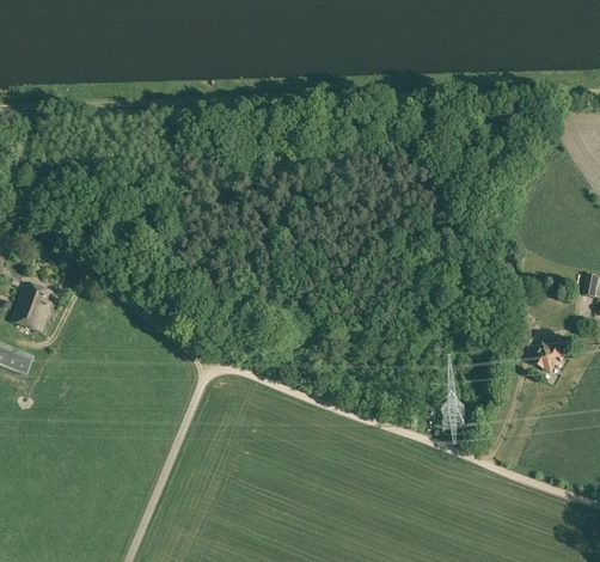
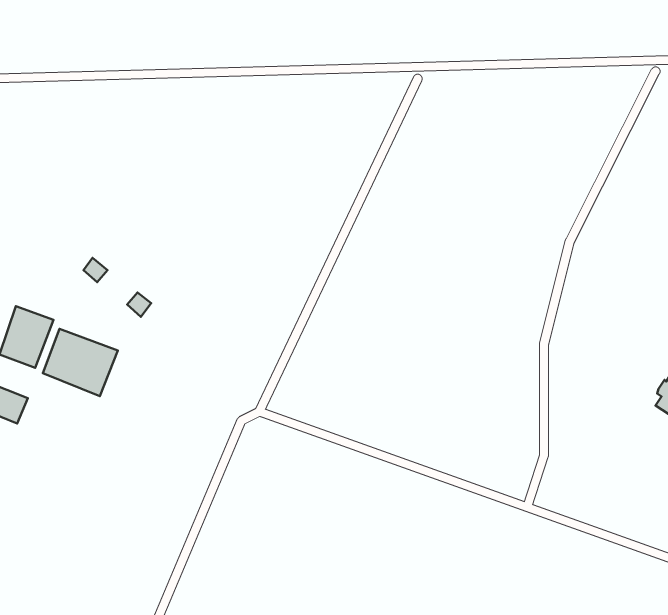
building: none -> [43,329,118,396]

